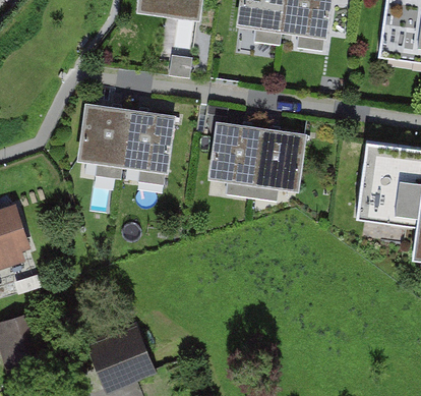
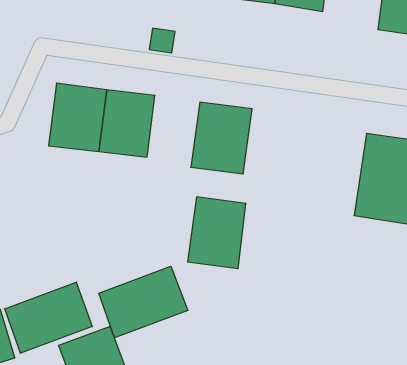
building: [255,128,308,193] -> [188,197,246,269]
building: none -> [99,266,188,338]
building: none -> [5,282,92,353]

